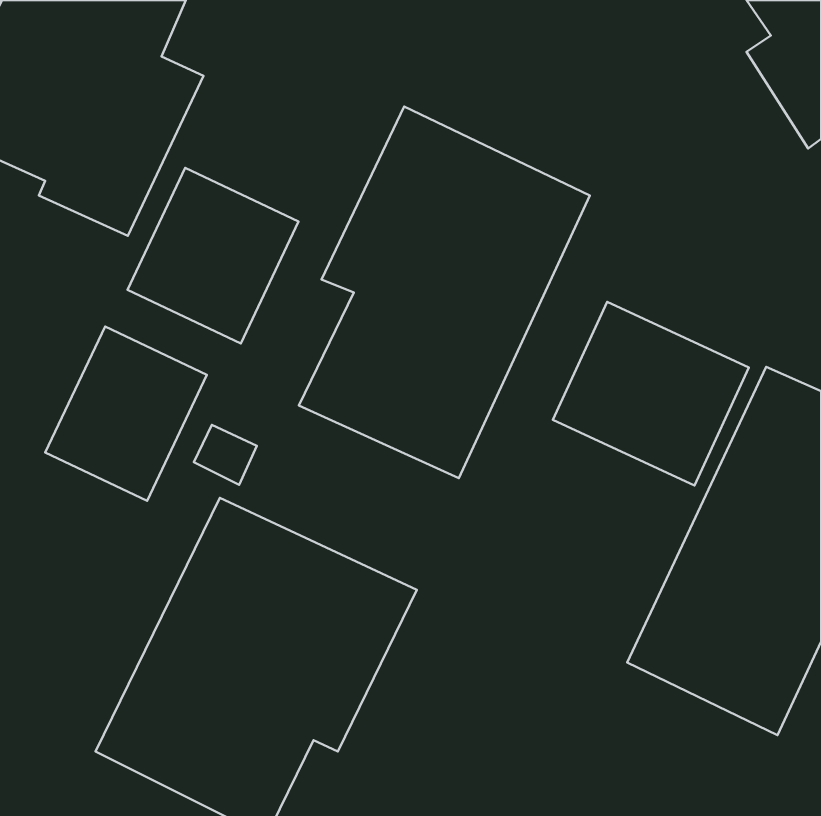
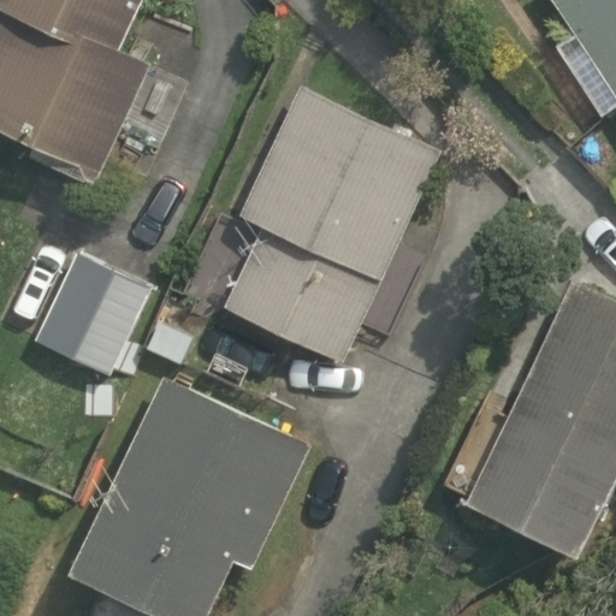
building: [127,168,299,343] -> none
building: [553,302,749,486] -> none

